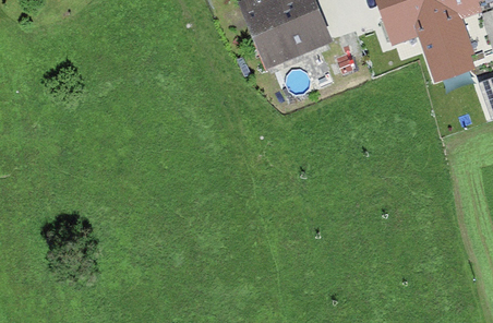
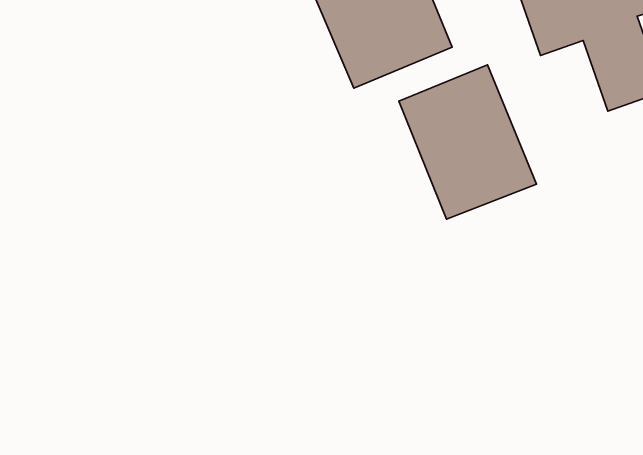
building: none -> [399,65,536,219]

